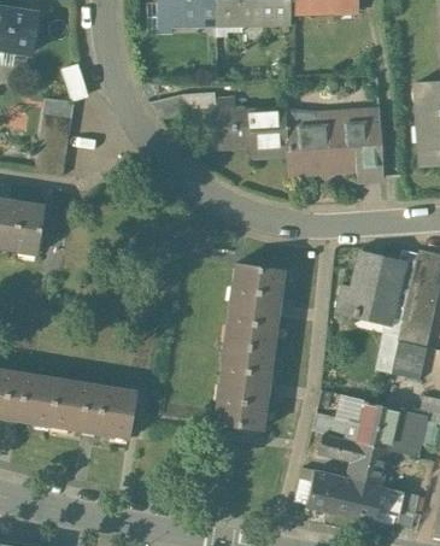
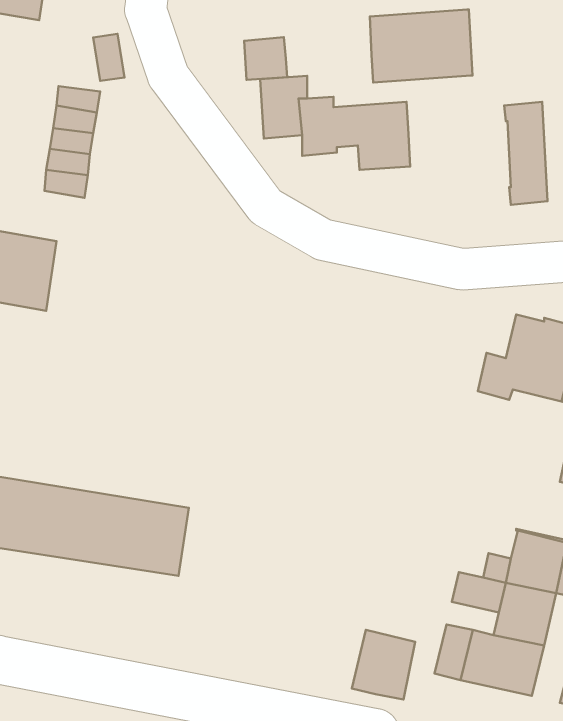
building: none -> [244,37,287,80]
building: [287,123,358,174] -> [370,9,472,83]
building: [212,263,283,430] -> none
building: none -> [352,630,415,699]

